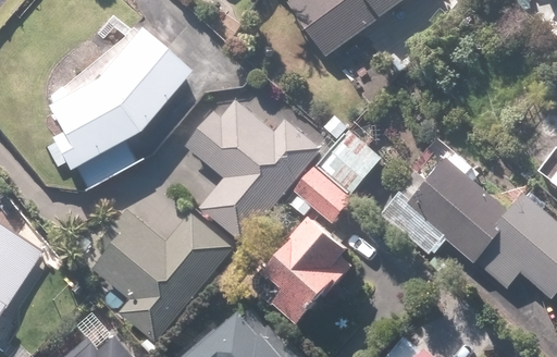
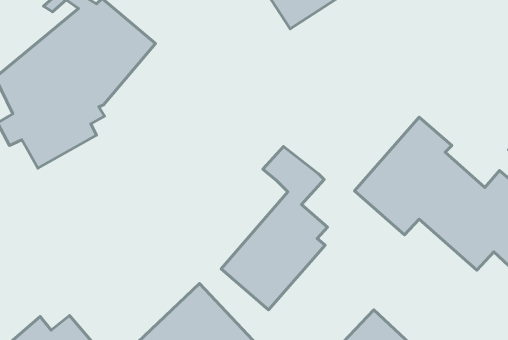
building: [186,98,319,243] -> none
building: [317,130,383,196] -> none
building: [94,206,234,342] -> none

